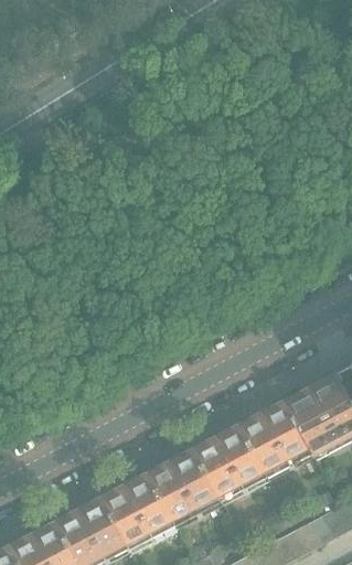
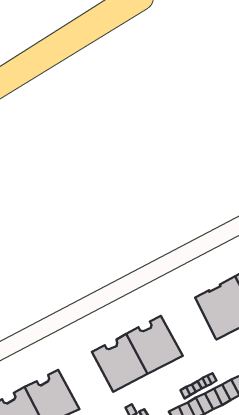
building: [234,403,308,481] -> none
building: [96,476,170,553] -> none

